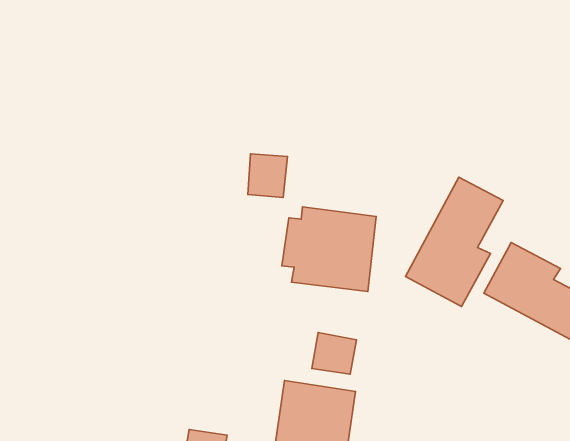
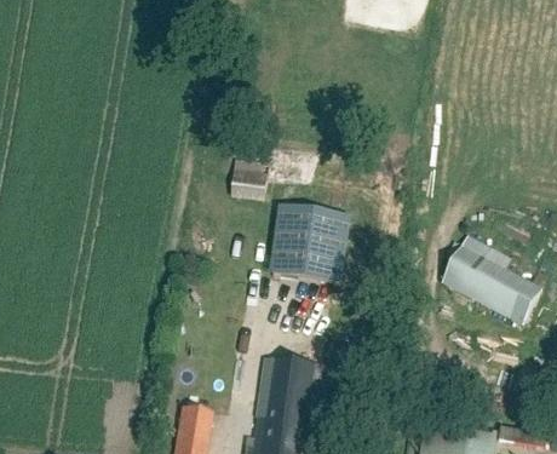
building: [405,177,503,307] -> none
building: [312,333,356,374] -> none

